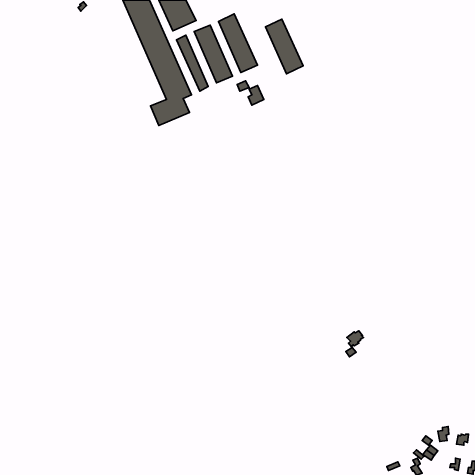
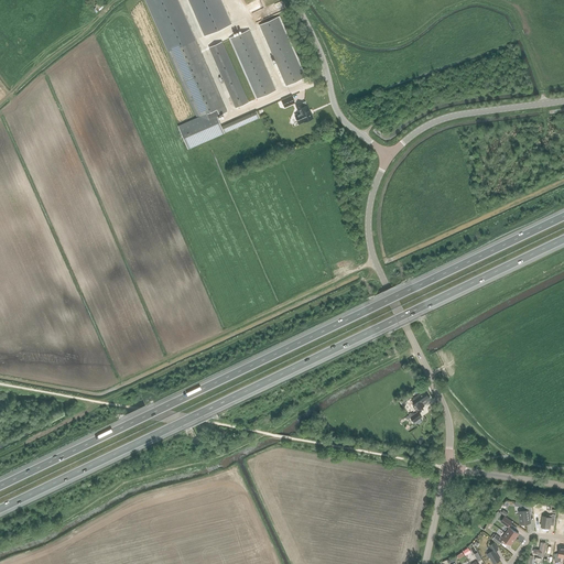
building: [265,19,303,74] -> none

